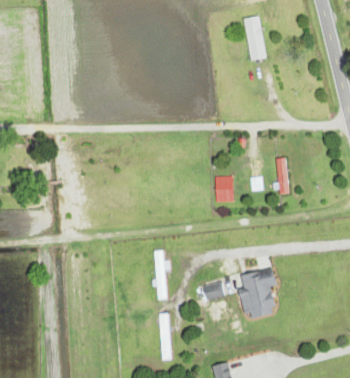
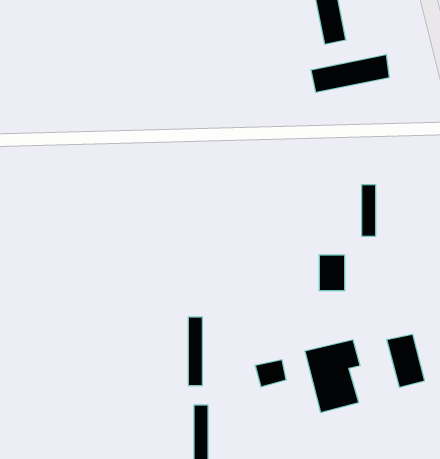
building: none -> [311,54,389,92]
building: [215,177,233,202] -> [319,255,345,291]
building: none -> [387,334,424,387]

